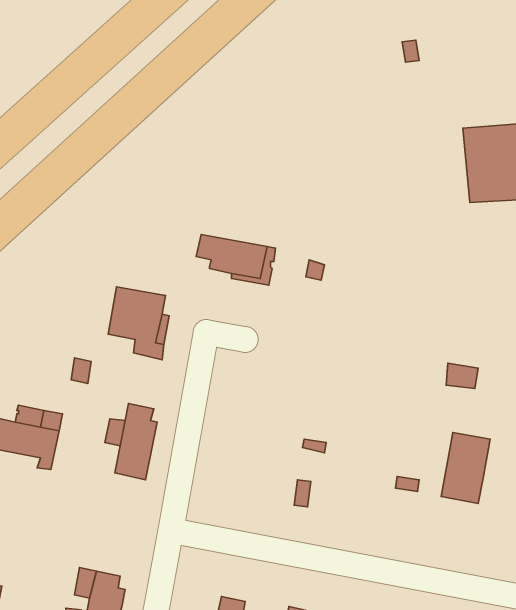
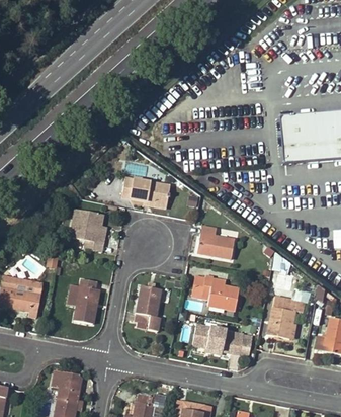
building: none -> [196,226,235,259]
building: none -> [201,274,240,310]
building: none -> [134,284,162,331]
building: none -> [192,324,245,354]

